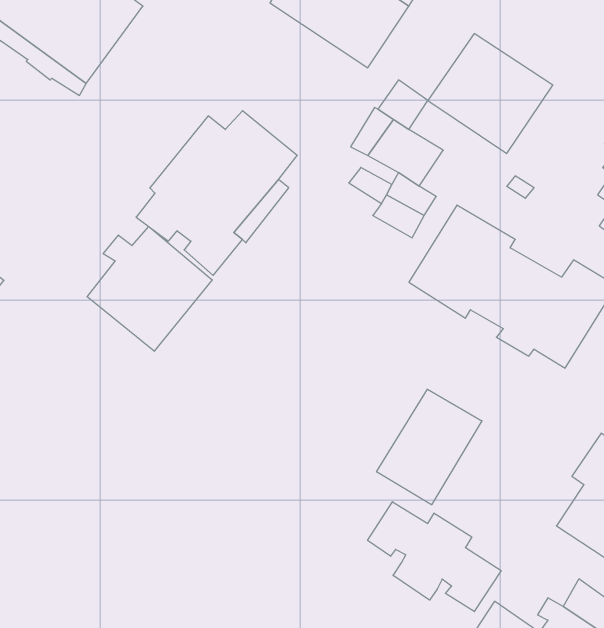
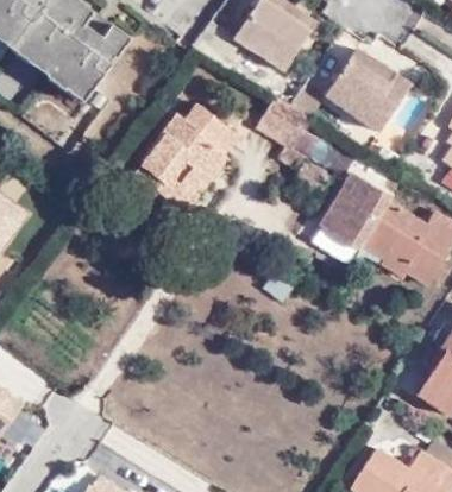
building: [87,227,212,351] -> none
building: [377,389,482,505] -> none
building: [368,502,501,612] -> none

